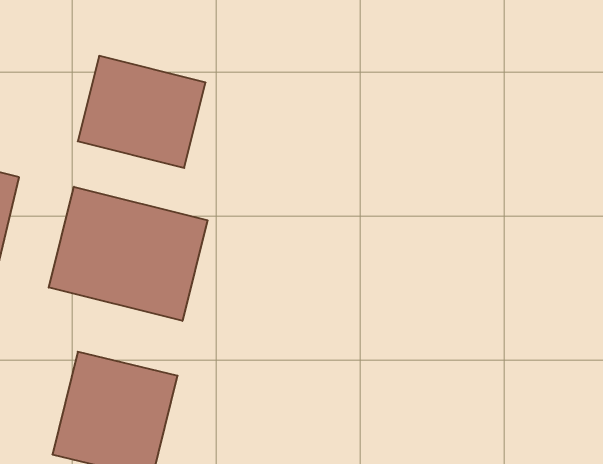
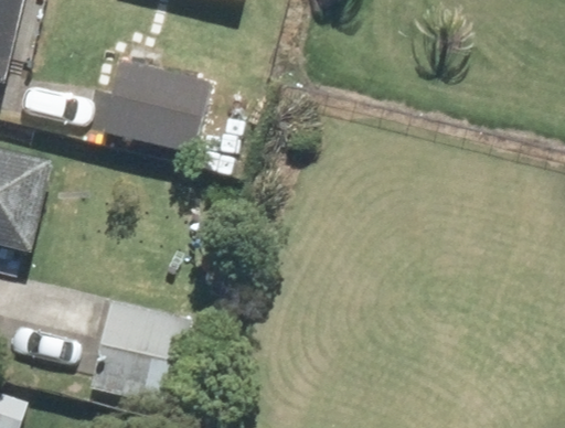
building: [49,187,208,321] -> none

